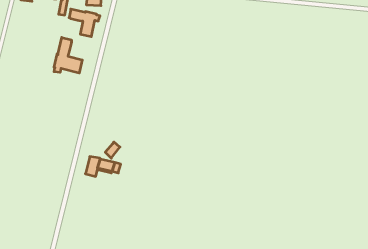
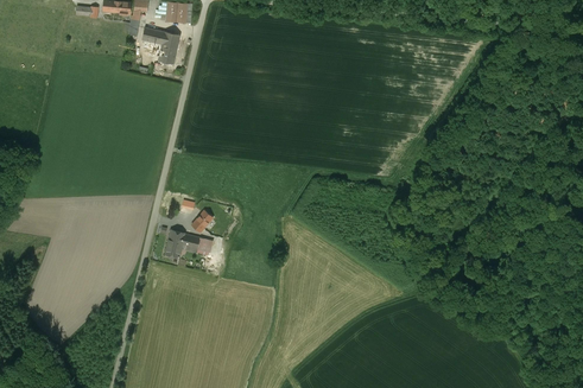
building: [54,37,82,73] -> none

